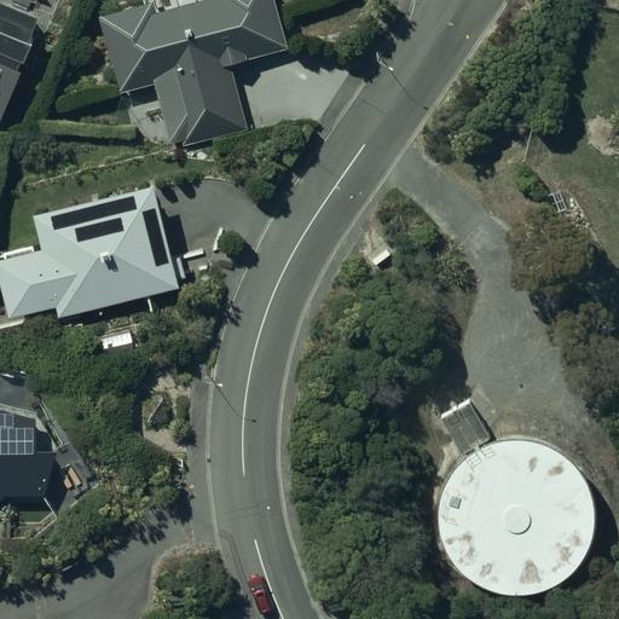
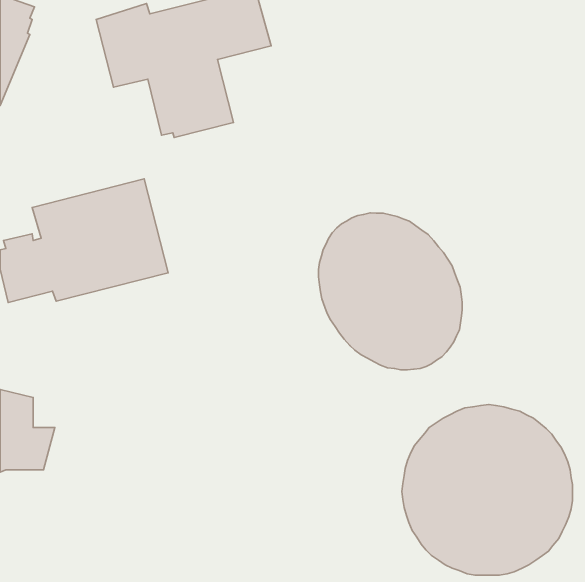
building: none -> [318,213,462,370]

